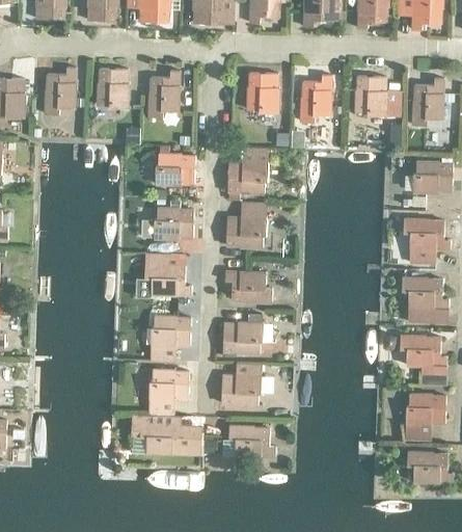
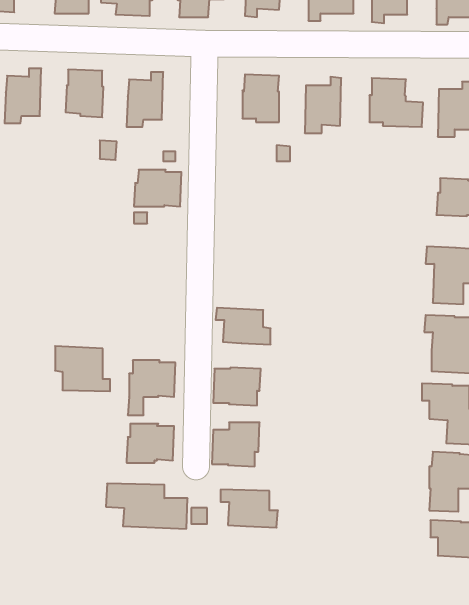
building: [227,148,268,201] -> none
building: [154,207,193,238] -> none
building: [225,207,266,247] -> none
building: [144,257,191,295] -> [55,346,110,391]

